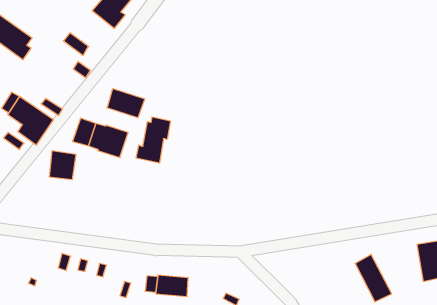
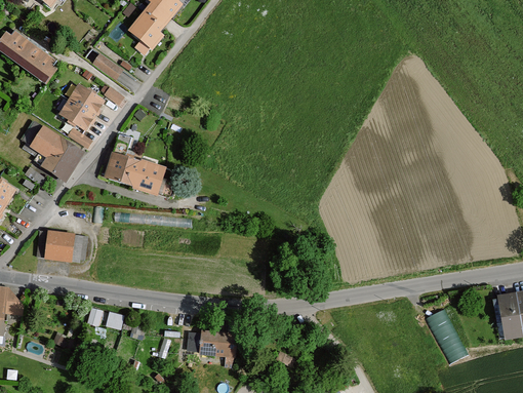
building: none -> [58,82,106,131]
building: [107,89,145,118] -> none
building: [136,117,171,163] -> none
building: [49,151,76,179] -> [45,229,76,262]

